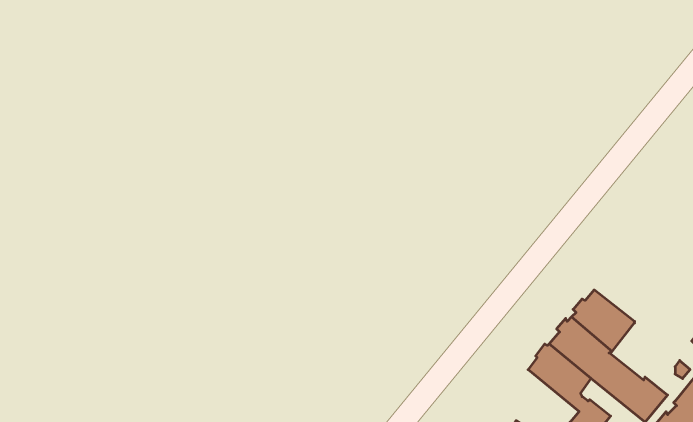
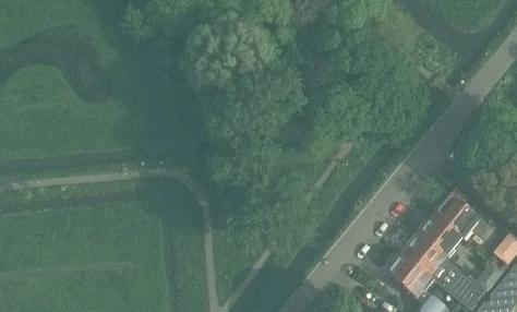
building: none -> [432,193,480,237]

